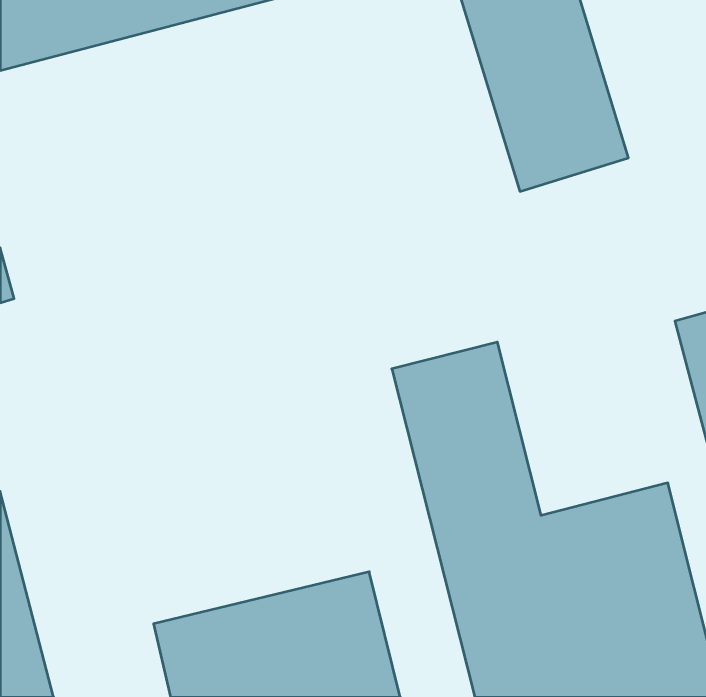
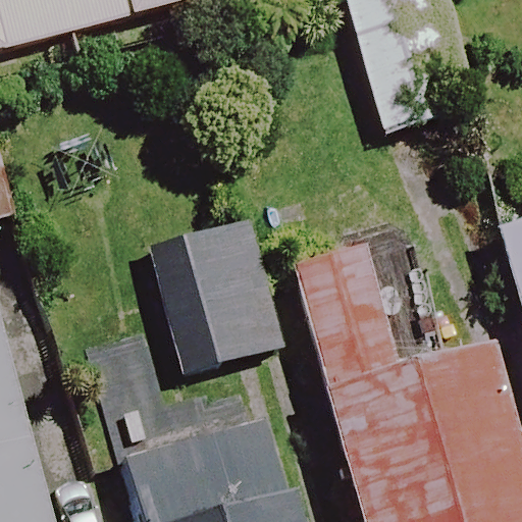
building: none -> [152,219,285,375]

